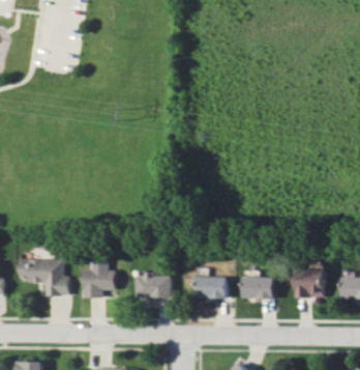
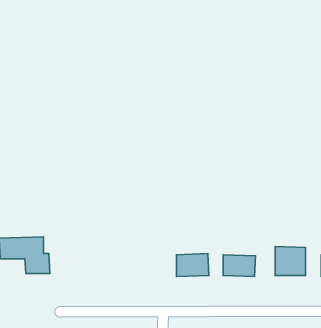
building: [85,261,118,297] -> none
building: [138,276,173,297] -> none

